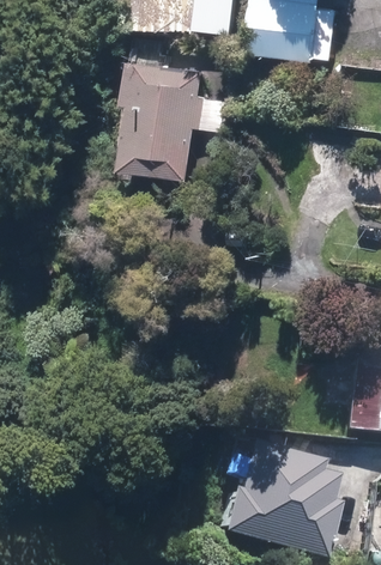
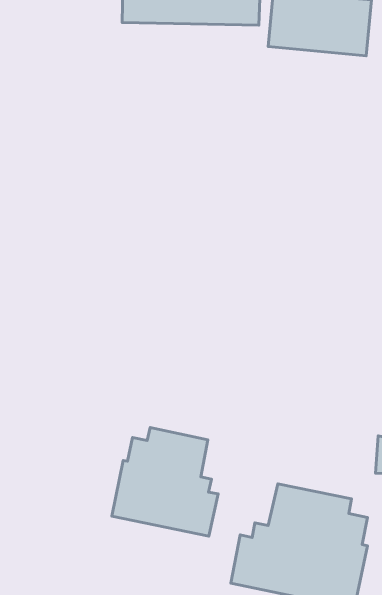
building: [116,61,201,182] -> none
building: none -> [112,428,218,536]

